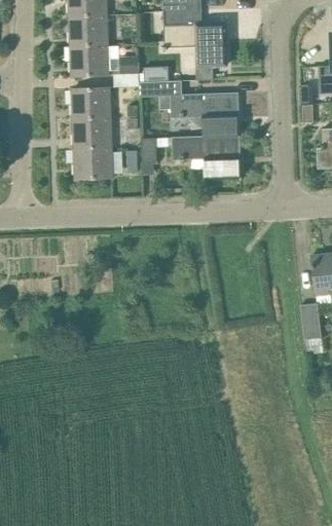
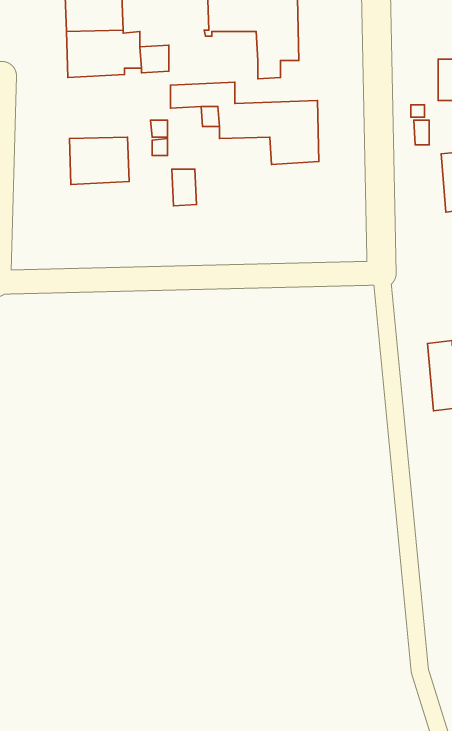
building: [71,86,111,117] -> none
building: [173,133,242,181] -> none
building: [73,146,113,178] -> none
building: [300,302,322,339] -> none

